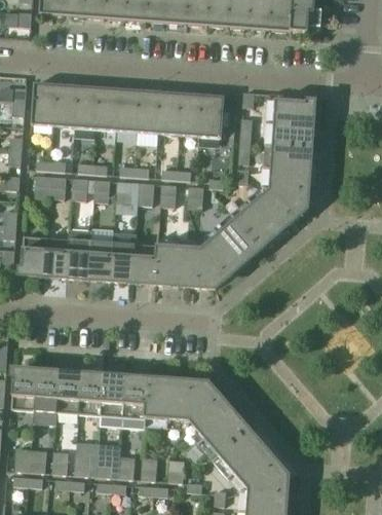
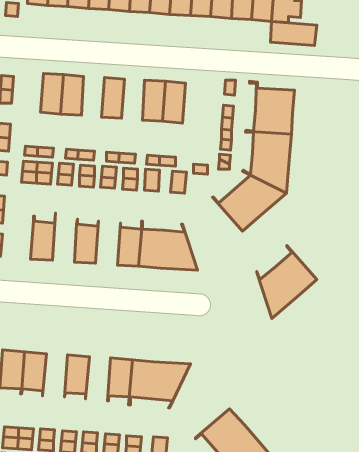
building: none -> [271,21,317,45]
building: [32,82,56,124] -> none
building: [96,87,119,130] -> none
building: [137,90,160,133] -> none
building: [199,95,224,138] -> none
building: [199,212,261,287] -> [257,245,317,318]
building: [66,228,91,279] -> none
building: [21,235,46,275] -> none
building: [110,236,136,282] -> none
building: [55,373,81,417] -> none
building: [100,376,125,421] -> none
building: [186,383,247,459] -> none

